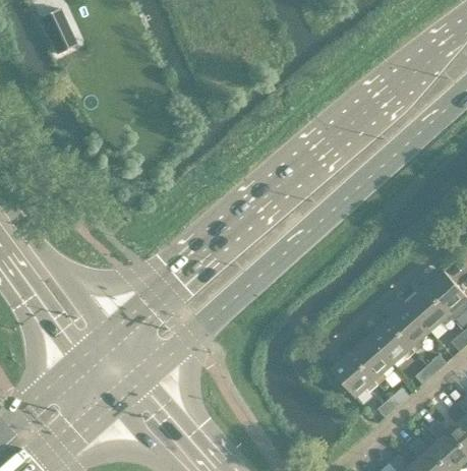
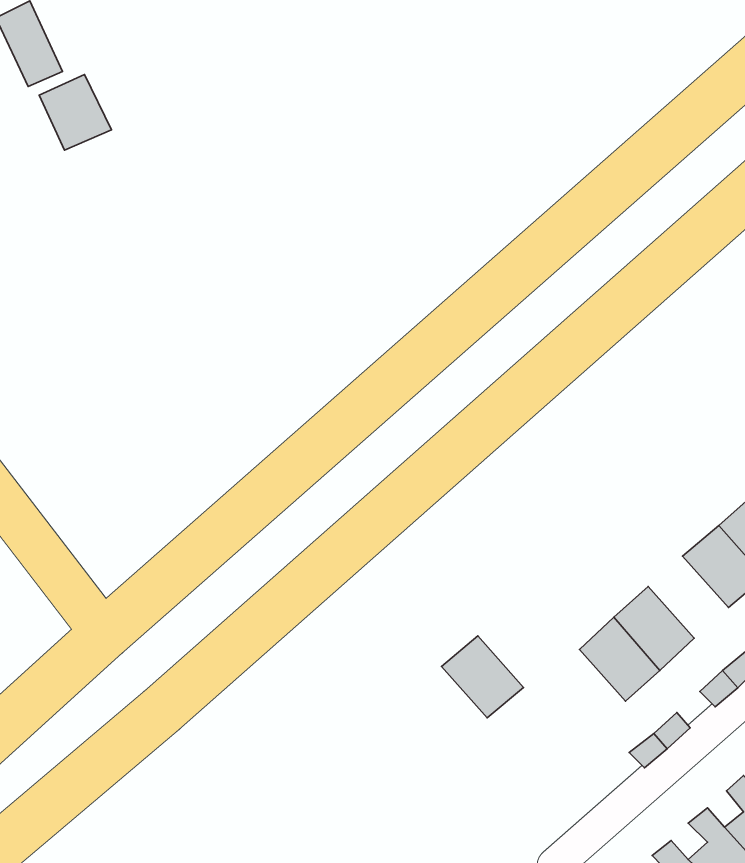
building: none -> [39,74,112,150]
building: [388,304,430,348] -> none
building: [332,354,375,398] -> [442,636,524,718]

